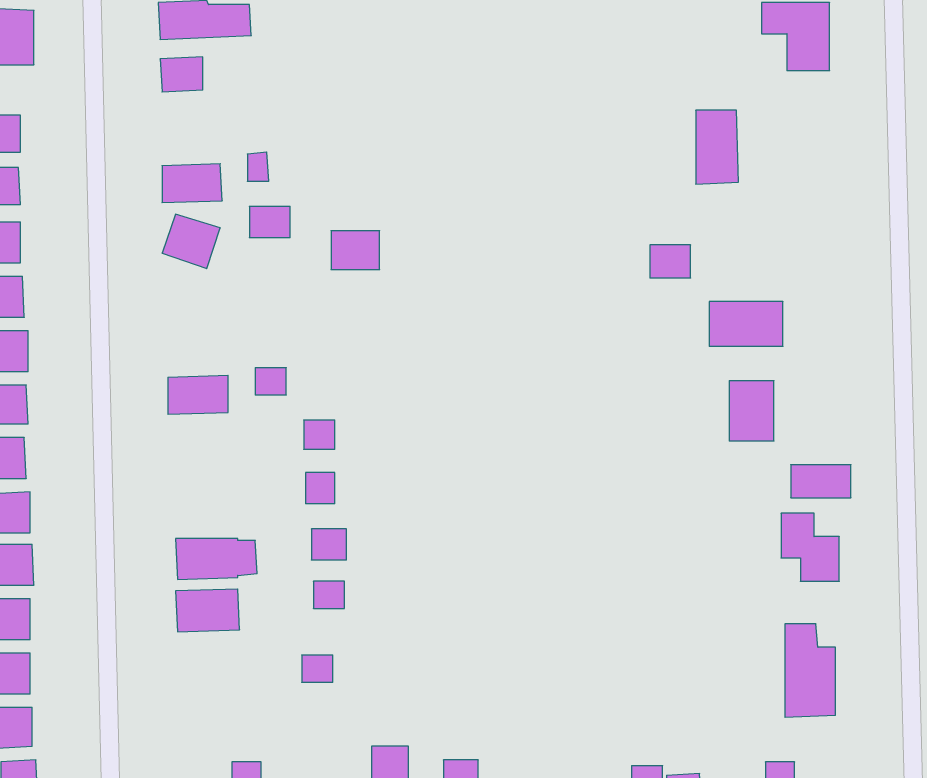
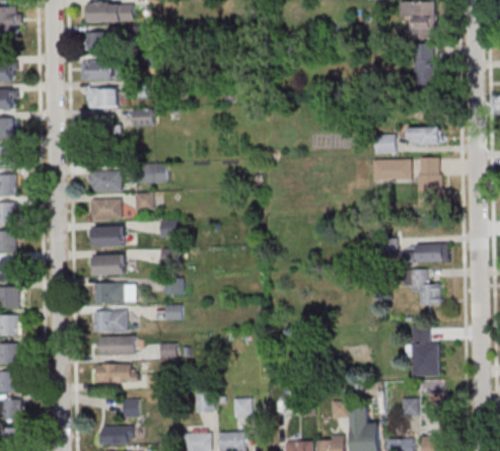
building: [696,110,738,184] -> [414,45,436,83]
building: none -> [81,60,110,80]
building: [331,231,380,270] -> [140,163,165,183]
building: none -> [408,127,440,144]
building: [650,245,691,278] -> [374,136,396,153]
building: none -> [89,170,121,191]
building: [729,381,774,441] -> [418,157,441,189]
building: none -> [93,227,125,246]
building: none -> [93,254,125,275]
building: none -> [98,334,135,355]
building: none -> [95,364,137,382]

